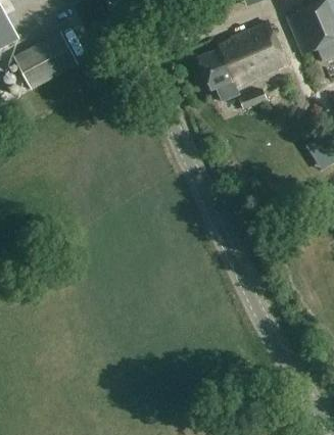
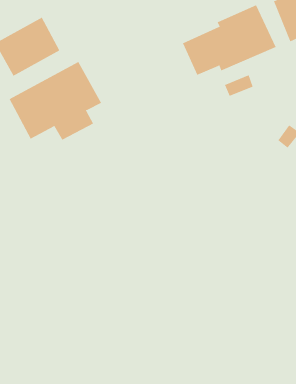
building: none -> [9,61,102,141]

